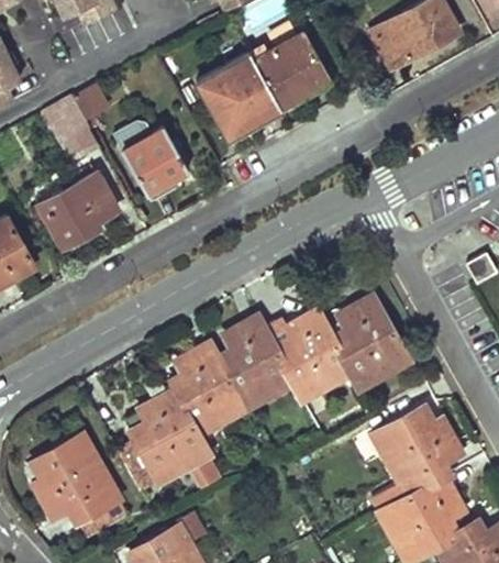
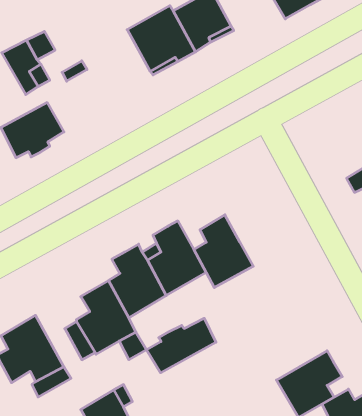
building: [122,124,187,192] -> none
building: [335,298,408,388] -> none
building: [374,410,459,498] -> none
building: none -> [147,318,216,373]

